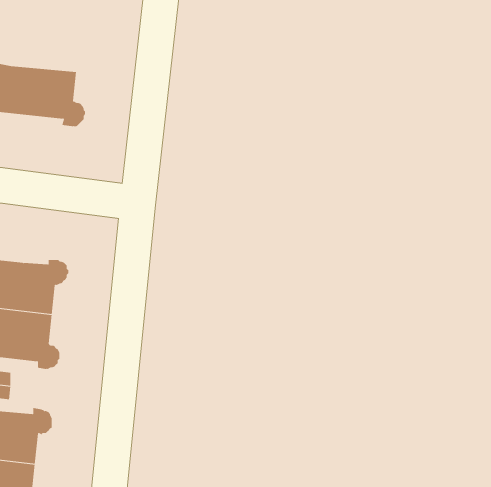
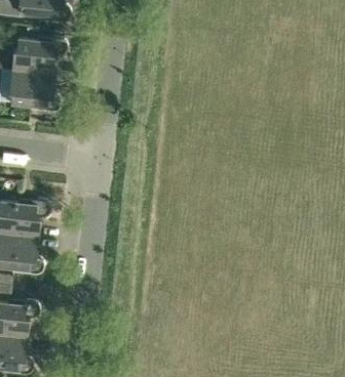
building: none -> [10,37,66,74]

